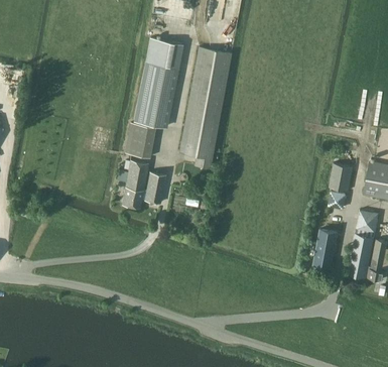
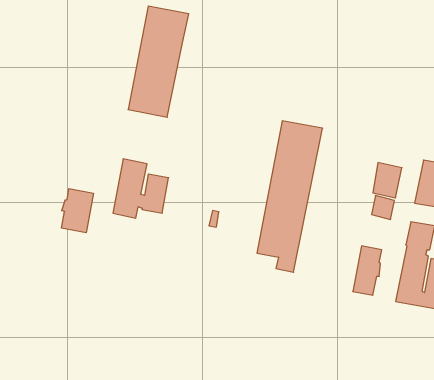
building: [179,47,232,168] -> [257,121,323,272]
building: [124,123,156,159] -> none
building: none -> [62,189,93,233]

